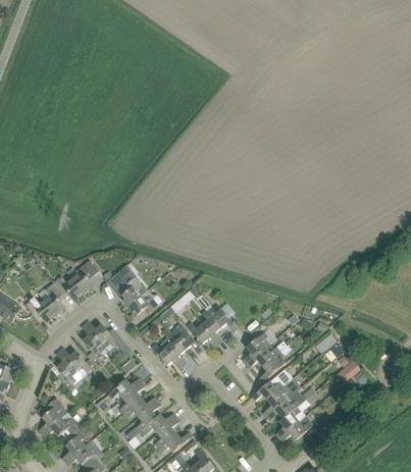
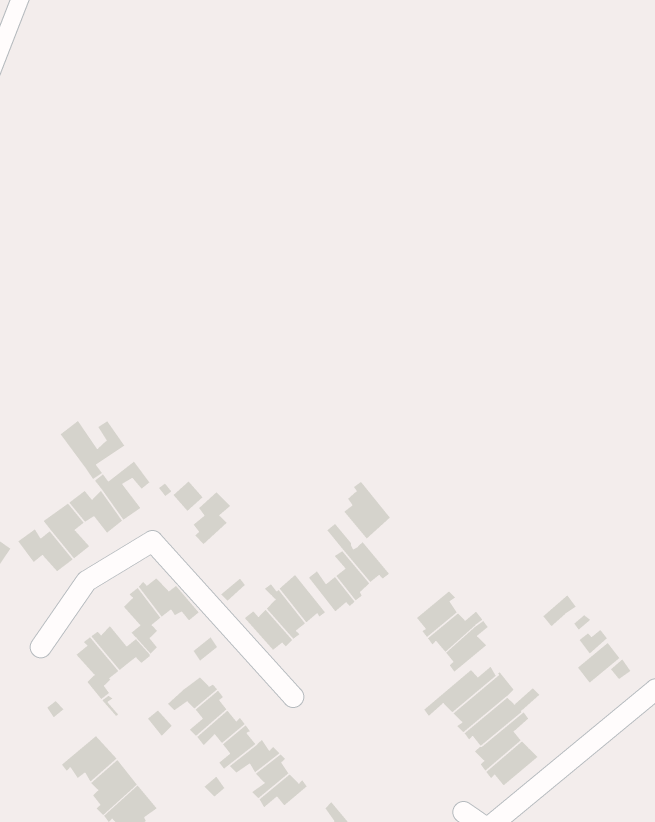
building: none -> [59,420,125,480]
building: none -> [343,481,391,539]
building: [127,289,162,314] -> none
building: [42,398,67,428] -> none

